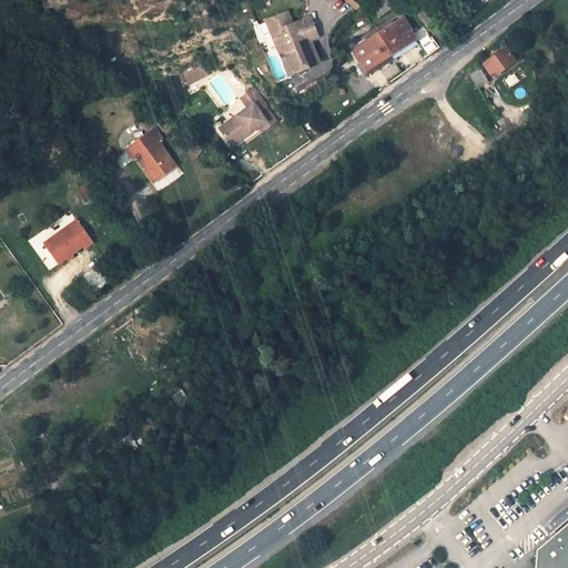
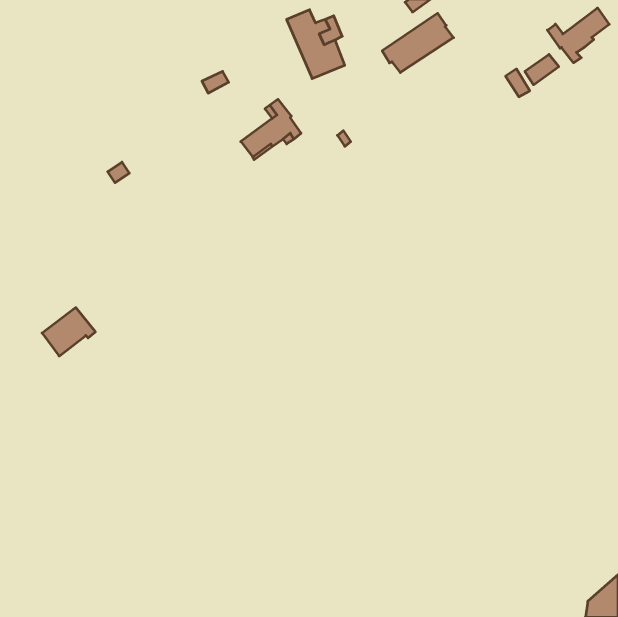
building: none -> [547,8,609,63]
building: [128,129,178,182] -> none
building: [42,220,91,264] -> [42,308,95,356]

